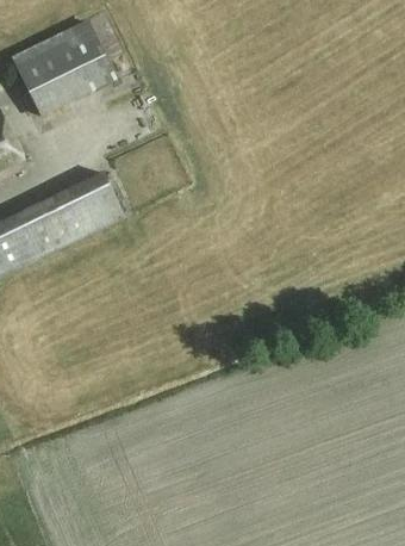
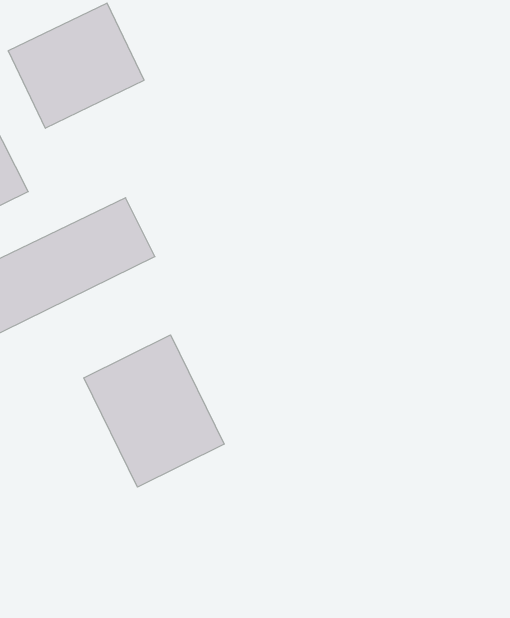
building: none -> [84,335,224,487]

